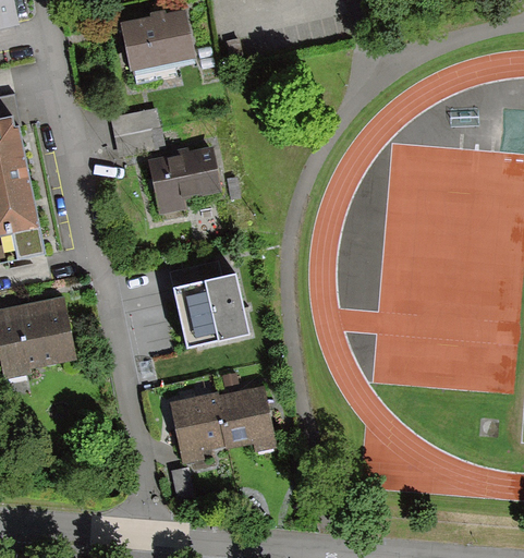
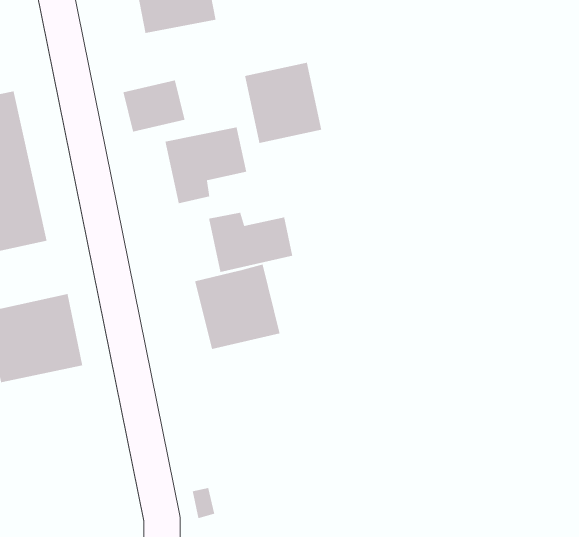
building: none -> [244,62,322,144]
building: none -> [208,212,293,273]
building: [171,386,276,461] -> none

